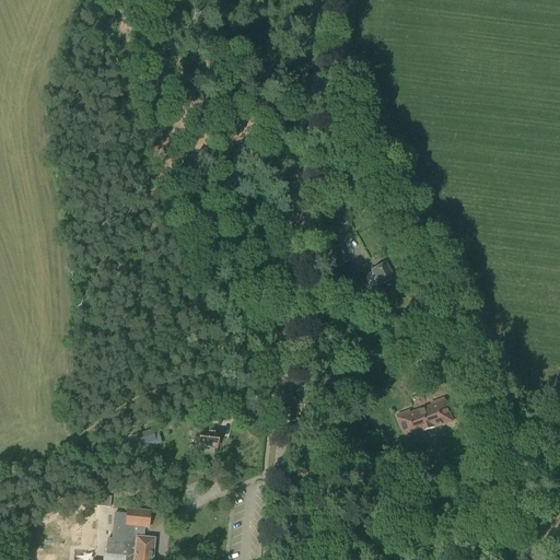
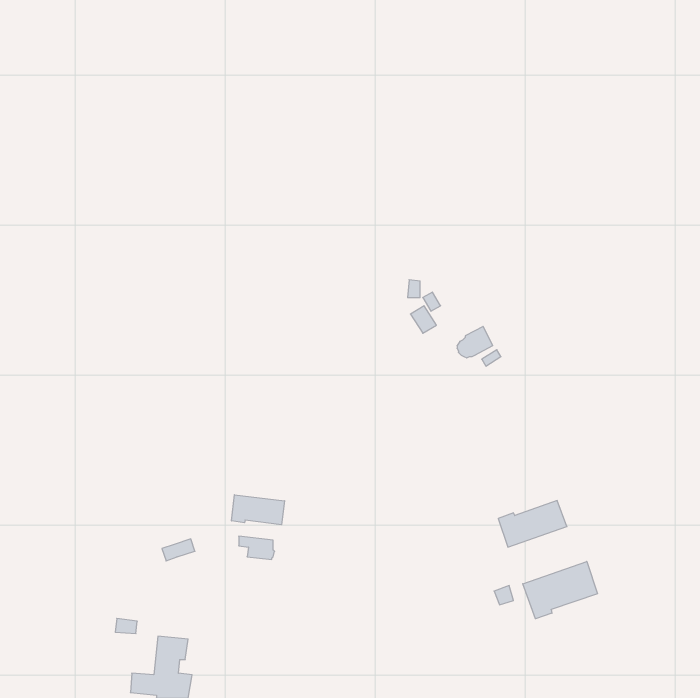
building: none -> [232,495,285,525]
building: none -> [523,561,597,619]

